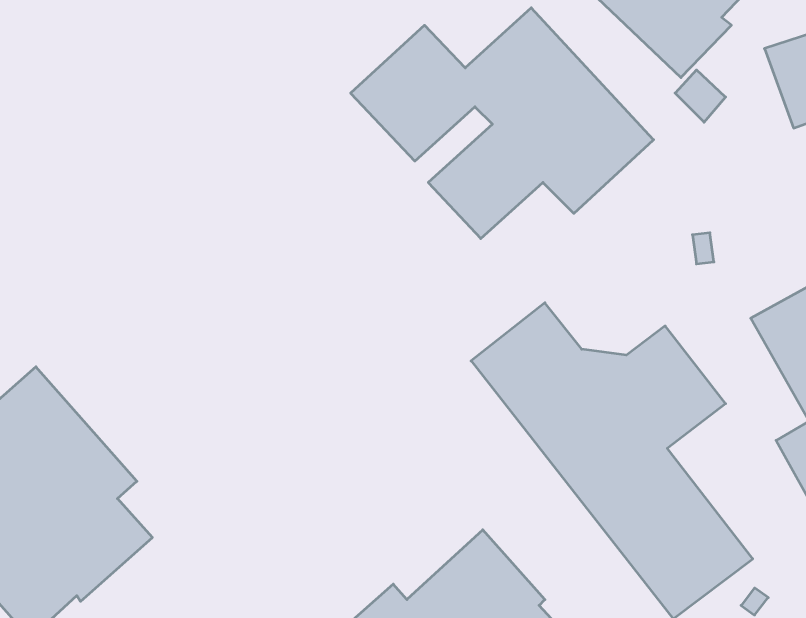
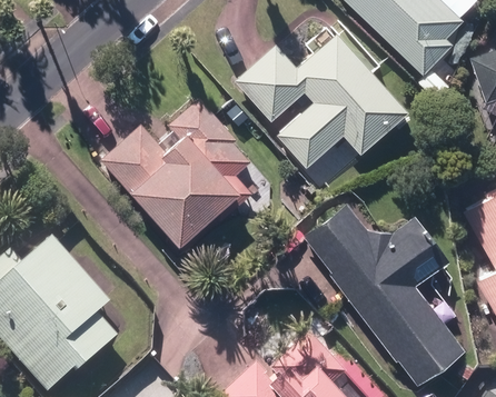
building: none -> [102,97,250,245]

